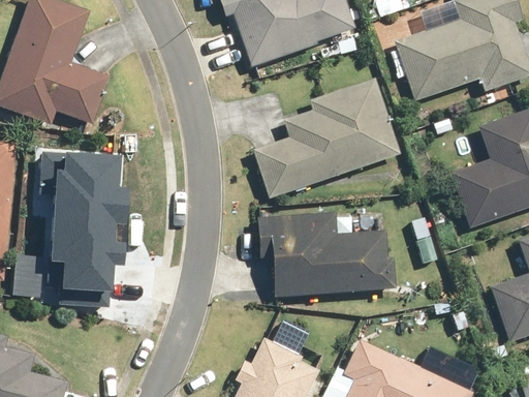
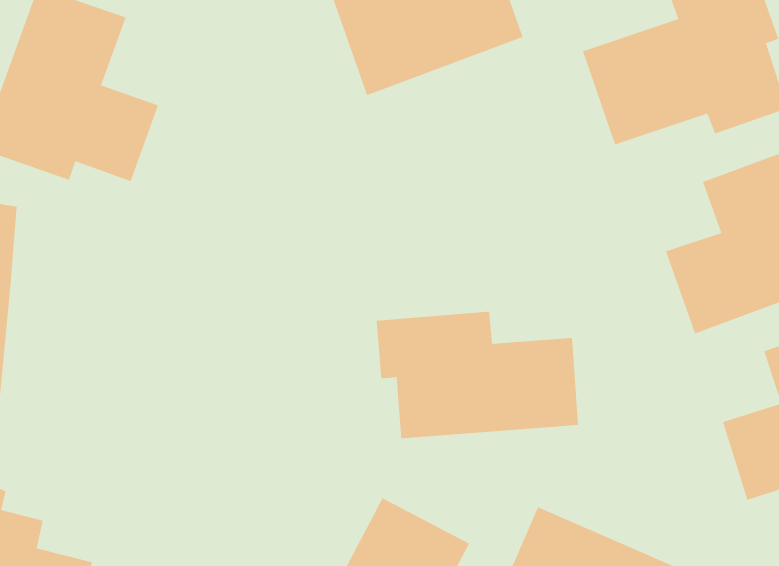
building: [253,77,400,197] -> none
building: [31,165,115,300] -> none

